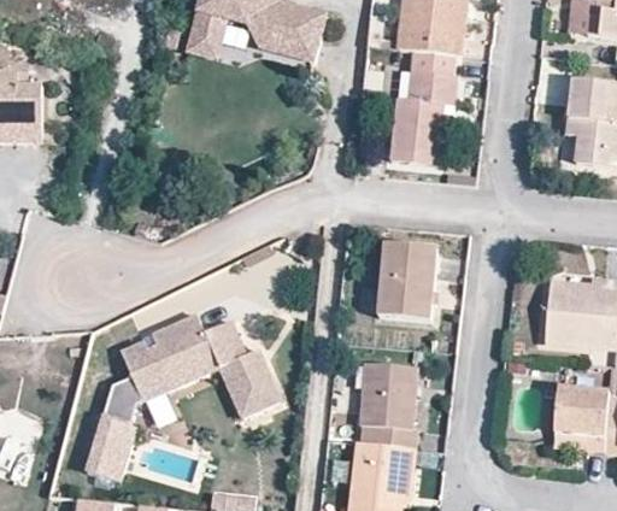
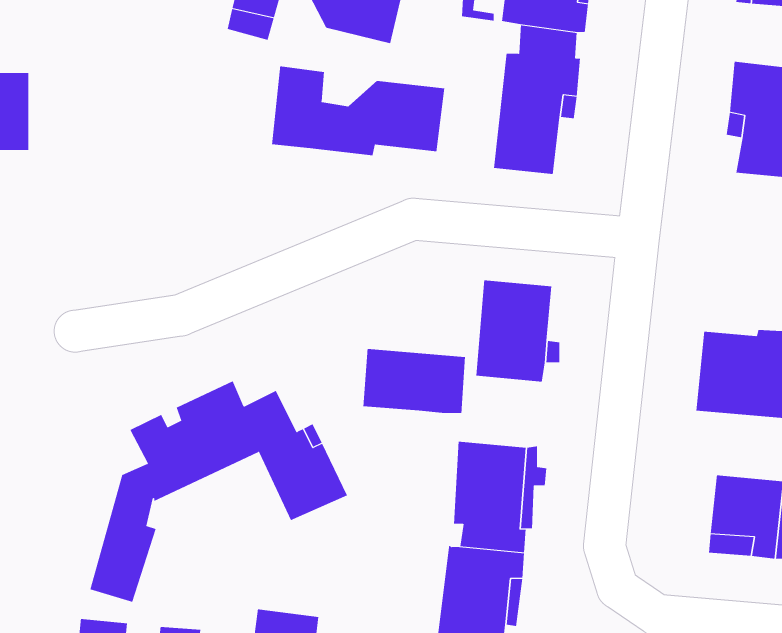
building: none -> [271,65,445,156]
building: none -> [363,348,466,414]

